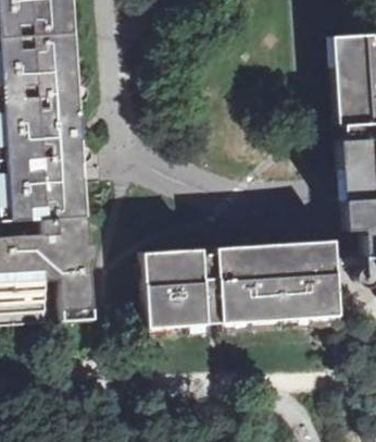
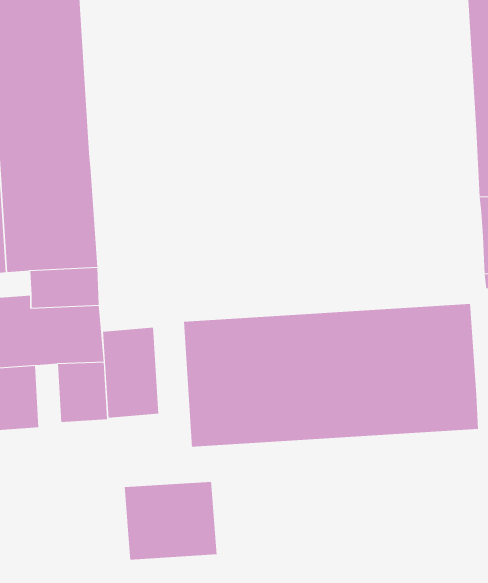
building: none -> [103,327,159,418]
building: none -> [124,481,217,560]

